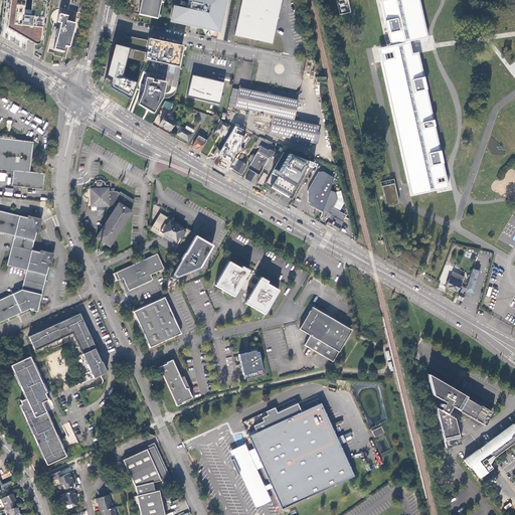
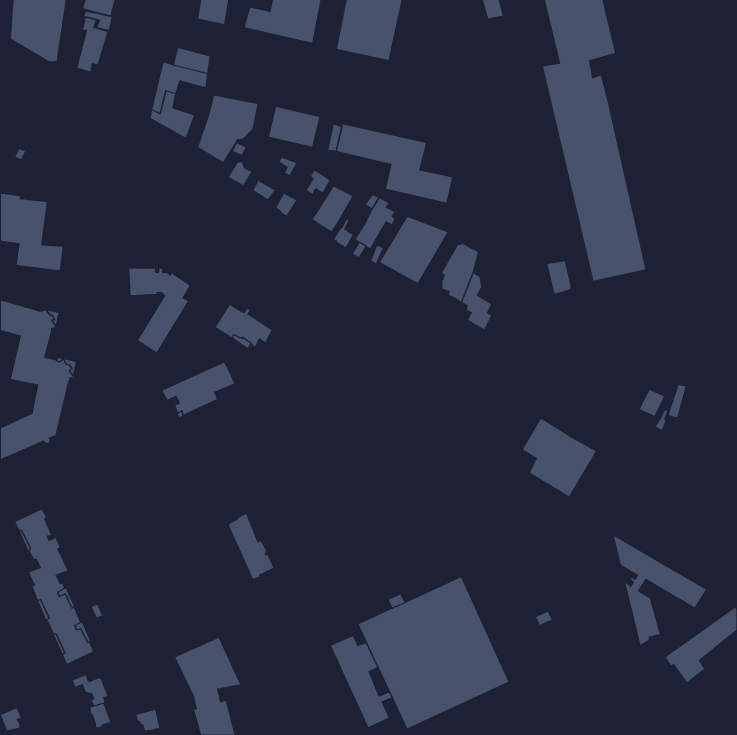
building: [146,38,184,69] -> none
building: [172,234,212,276] -> none
building: [214,261,248,296] -> none
building: [244,276,278,313] -> none
building: [133,296,179,345] -> none
building: [299,306,351,361] -> [522,418,597,497]
building: [27,311,107,376] -> none
building: [238,349,264,378] -> none

